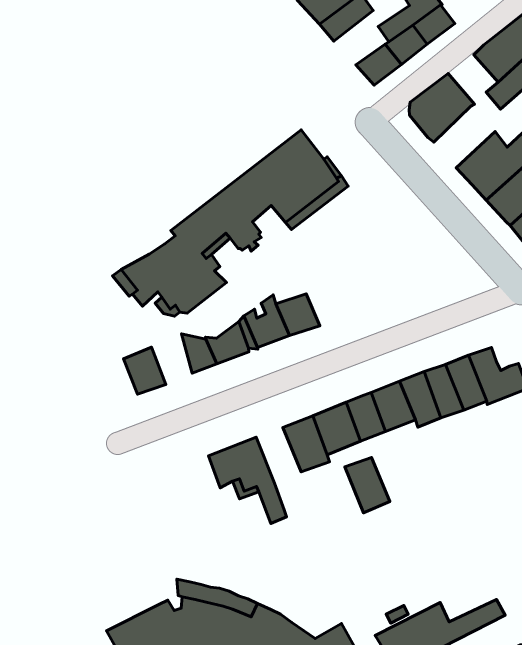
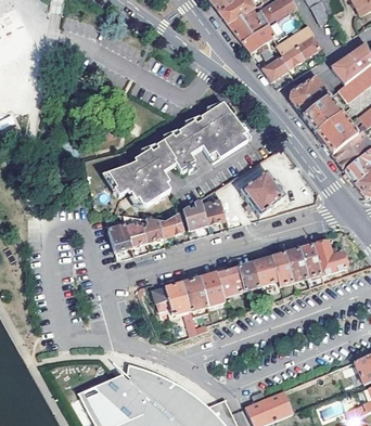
building: none -> [304,96,341,132]
building: none -> [240,170,285,215]
building: none -> [123,214,149,246]
building: [345,457,390,513] -> [183,277,208,310]

